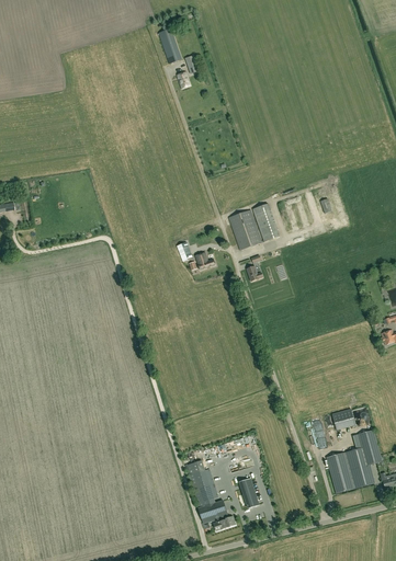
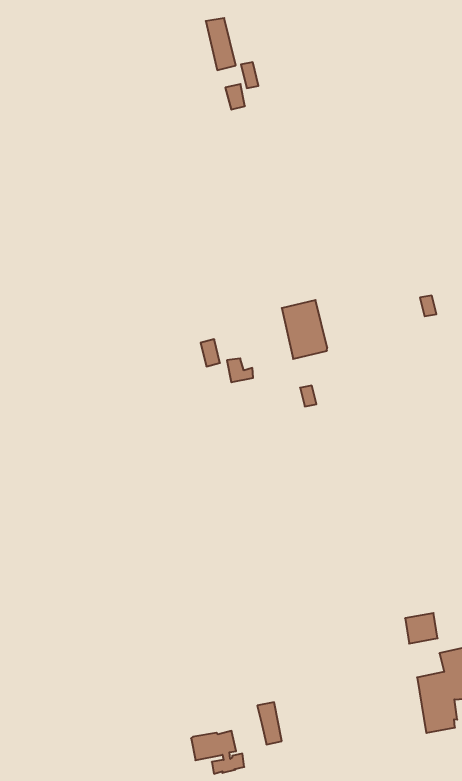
building: [252,204,280,242] -> none
building: [327,453,354,493] -> none
building: [186,460,215,507] -> none

